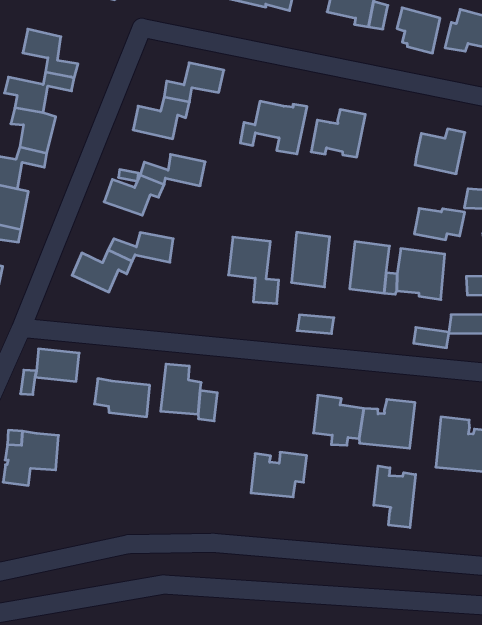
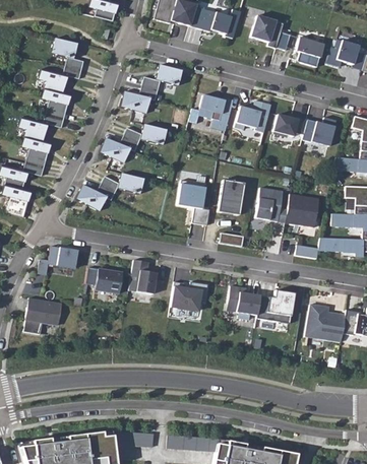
building: [414,208,465,240] -> [274,115,308,136]
building: [251,452,307,497] -> [171,281,208,311]
building: [374,466,416,528] -> none

